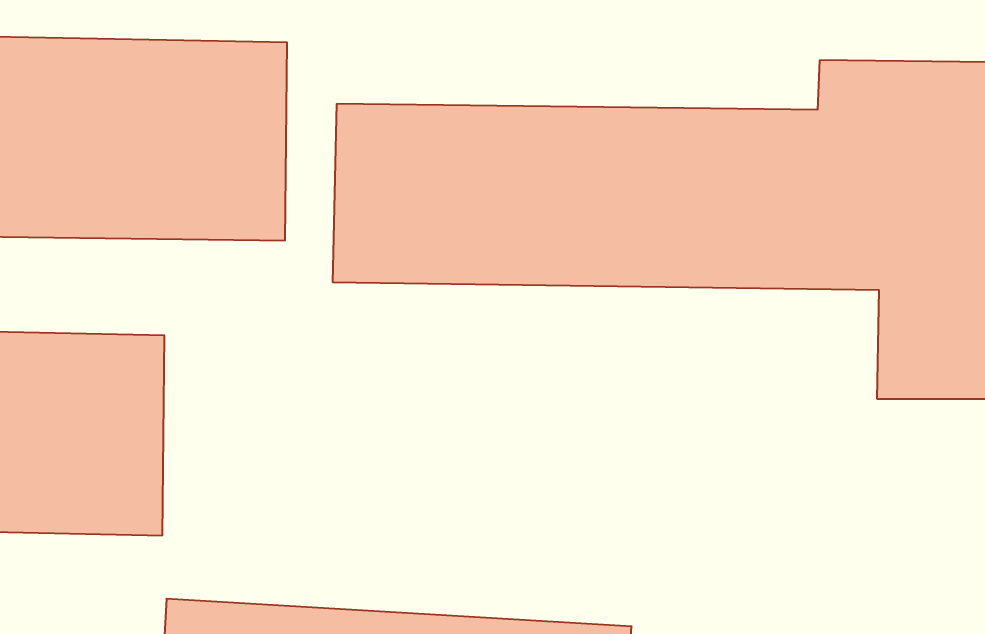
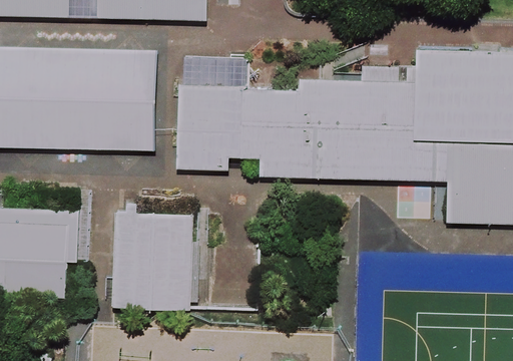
building: none -> [111,196,202,300]

